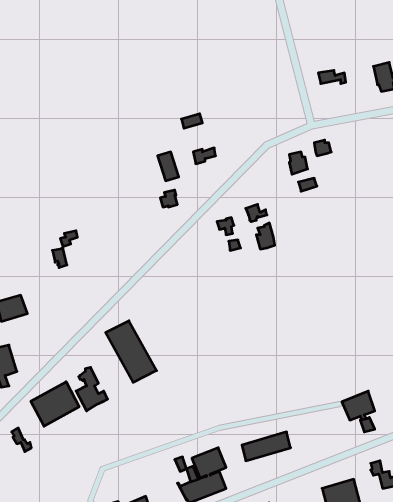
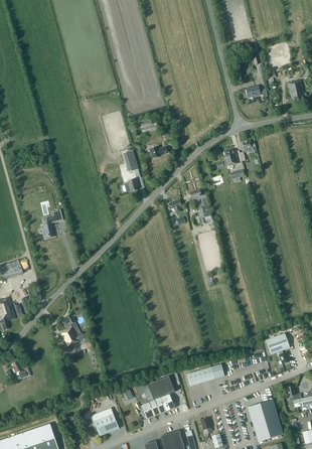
building: [106,321,157,382] -> none
building: [31,382,79,426] -> none

